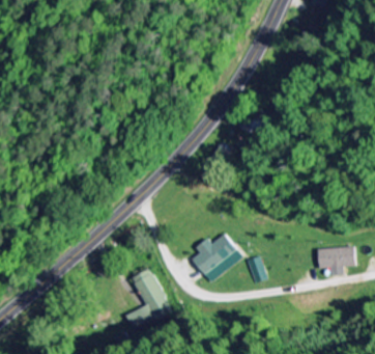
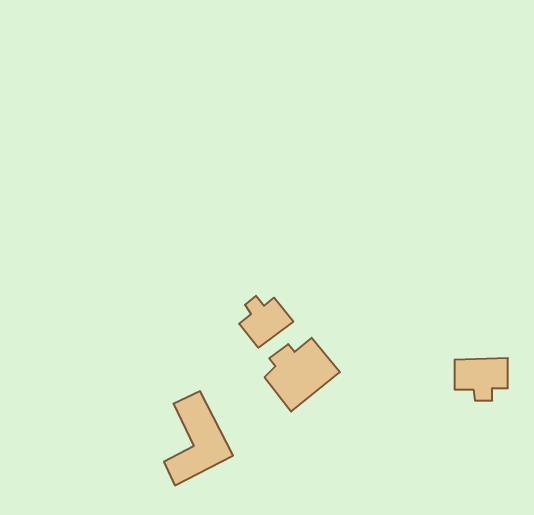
building: none -> [239,296,293,348]

